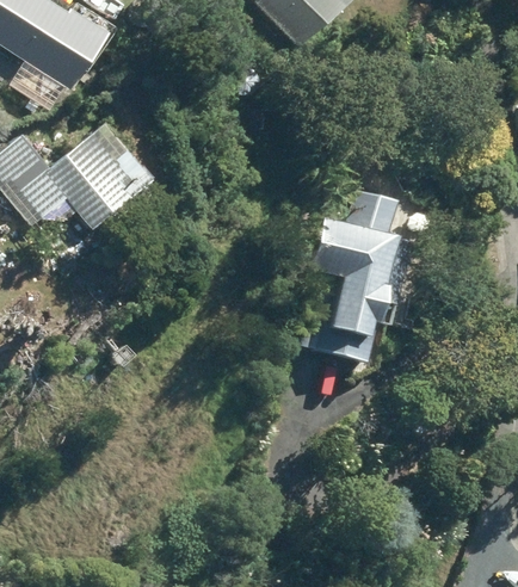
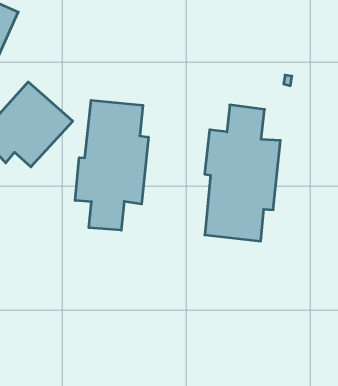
building: none -> [75,100,148,230]

